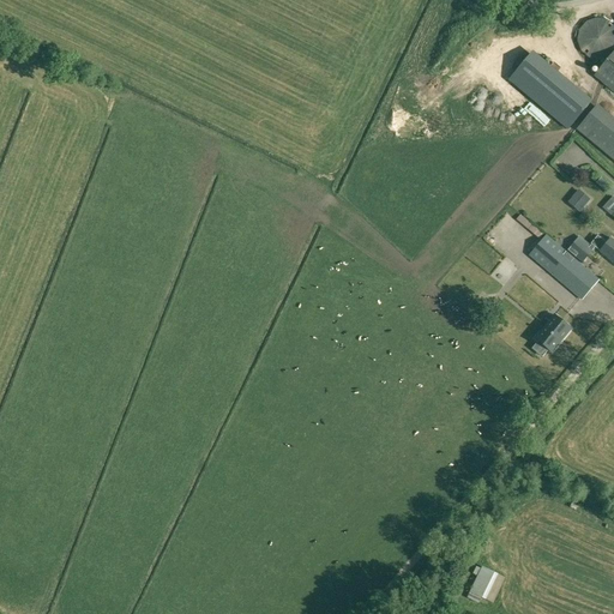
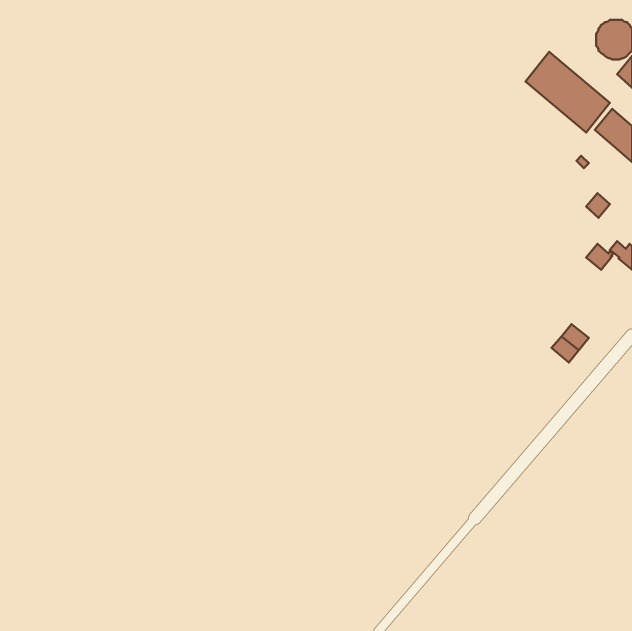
building: [529,235,598,299] -> none
building: [469,565,498,598] -> none

